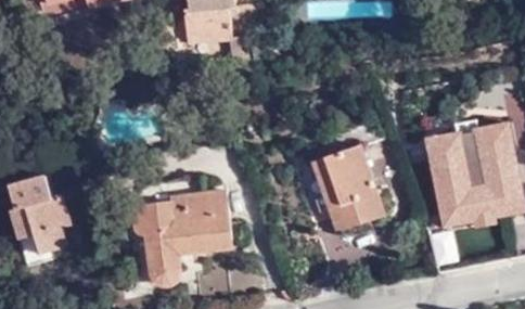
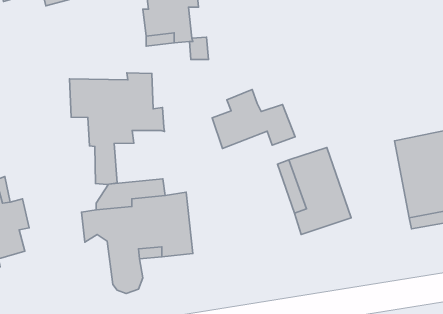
building: none -> [69,73,165,185]
building: none -> [212,89,295,148]

